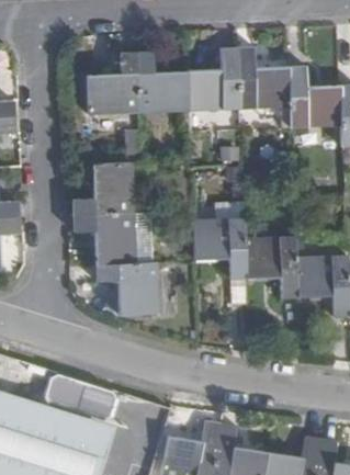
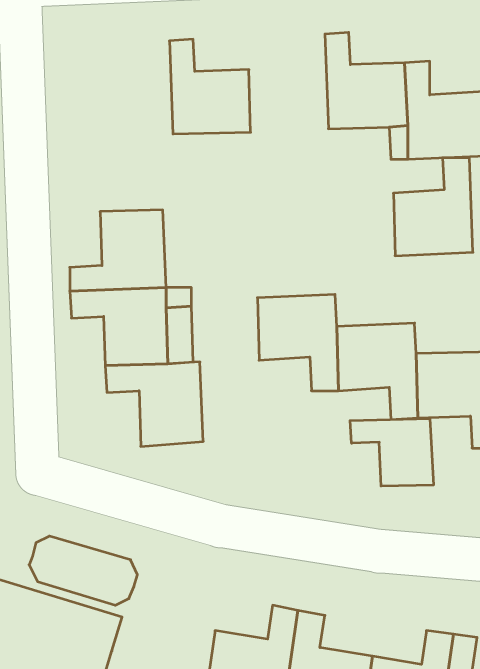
building: [188,48,239,112] -> [393,158,473,256]
building: [86,53,138,115] -> none
building: none -> [350,418,433,486]

